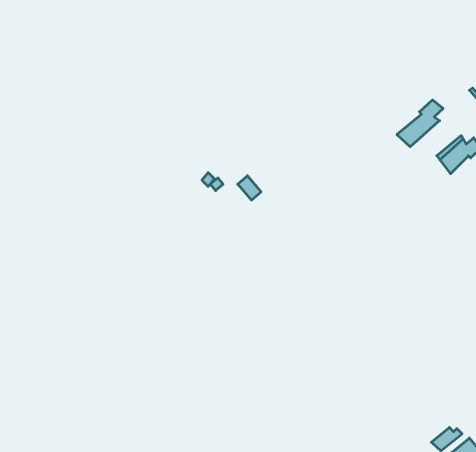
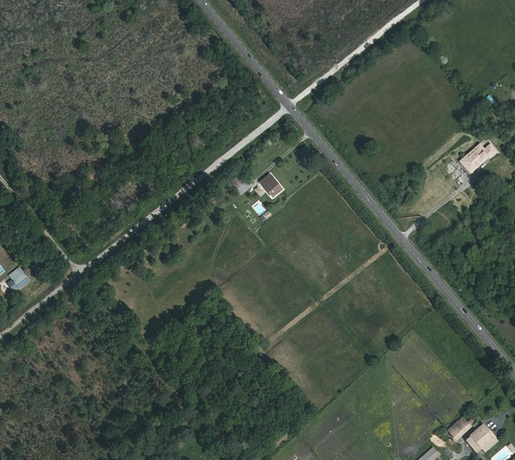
building: [397,100,443,147] -> none

